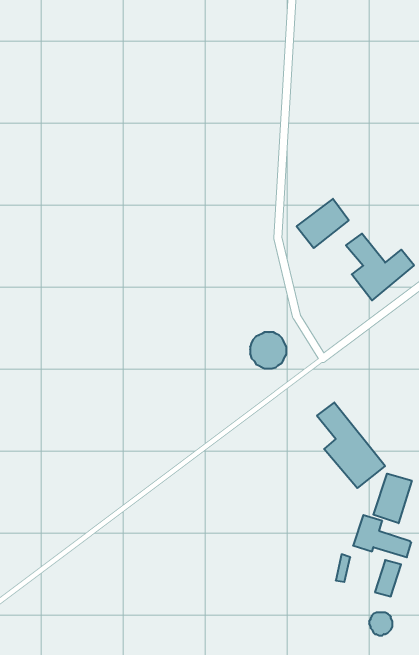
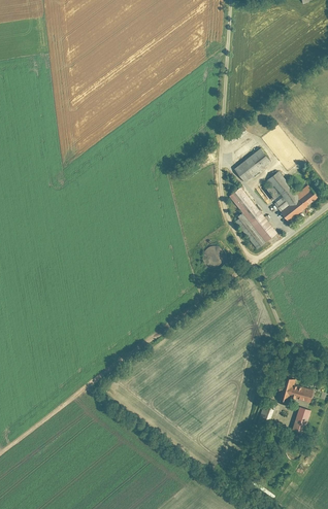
building: [317,402,385,488] -> [229,188,277,248]
building: [373,474,412,523] -> none

